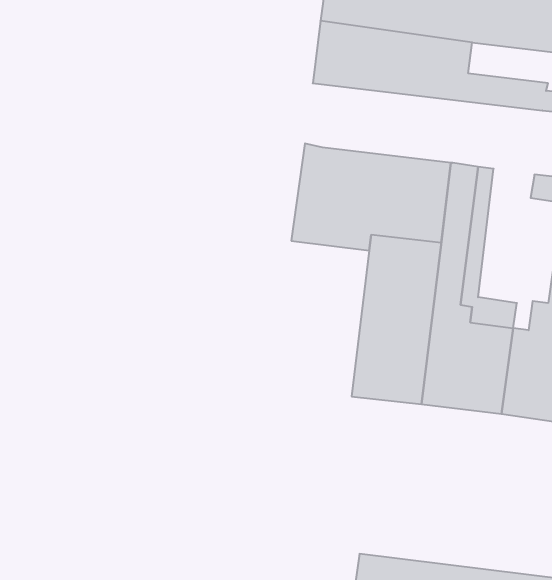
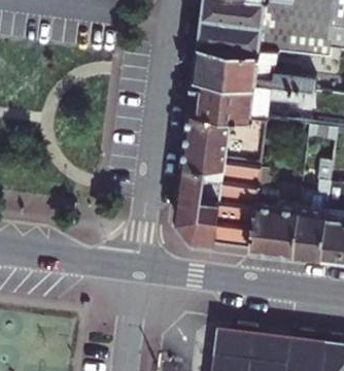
building: none -> [192,79,315,122]
building: none -> [175,163,223,245]

